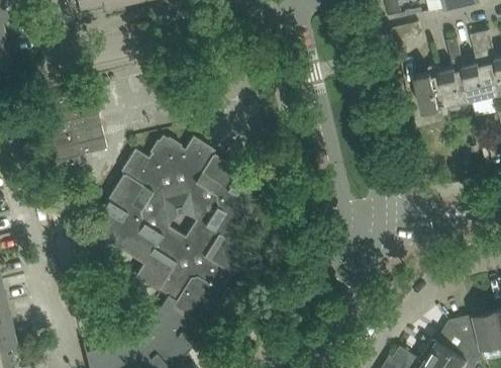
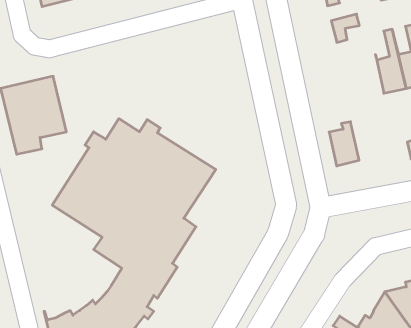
building: [416,66,448,113] -> [329,122,359,166]

